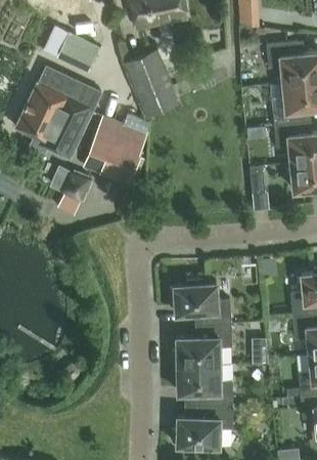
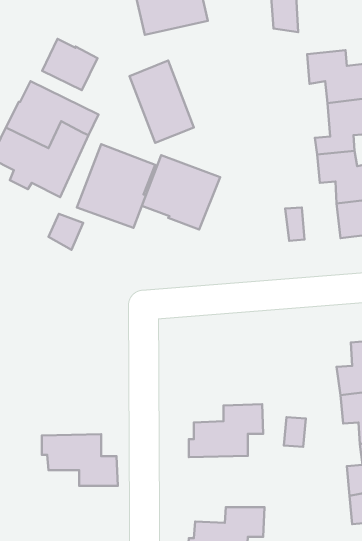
building: none -> [142,155,220,230]
building: [170,281,231,326] -> none
building: [173,366,233,407] -> [42,434,118,486]

